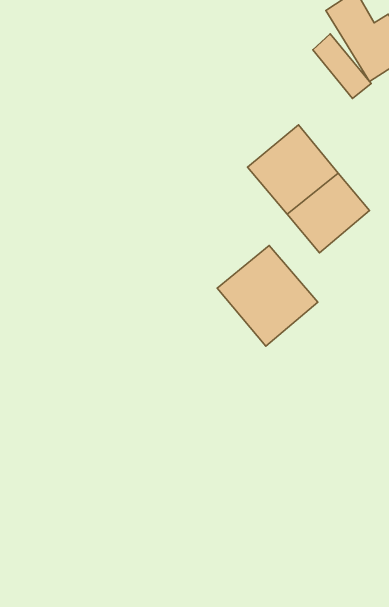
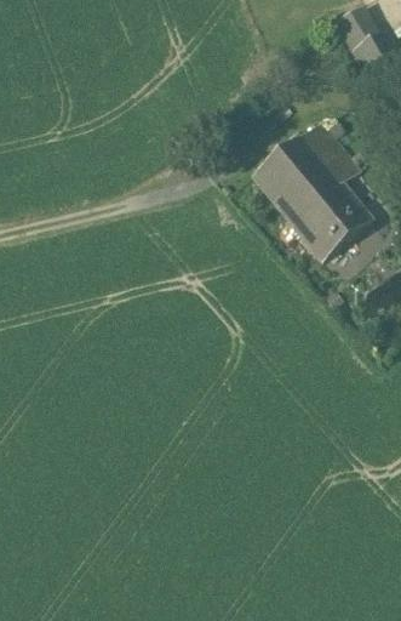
building: [313,34,371,98] -> [303,119,360,182]
building: [217,245,318,346] -> none

